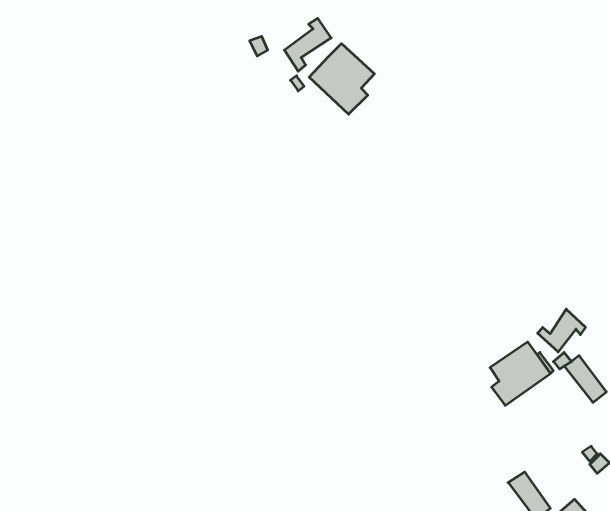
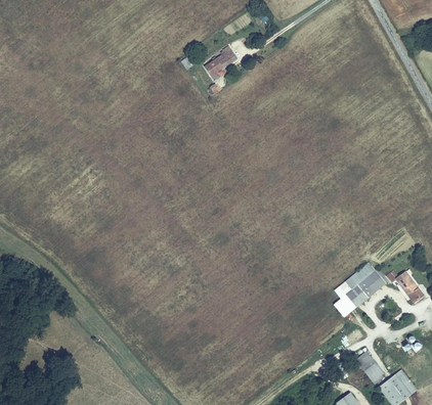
building: [309,44,374,114] -> none
building: [538,309,585,352] -> none

